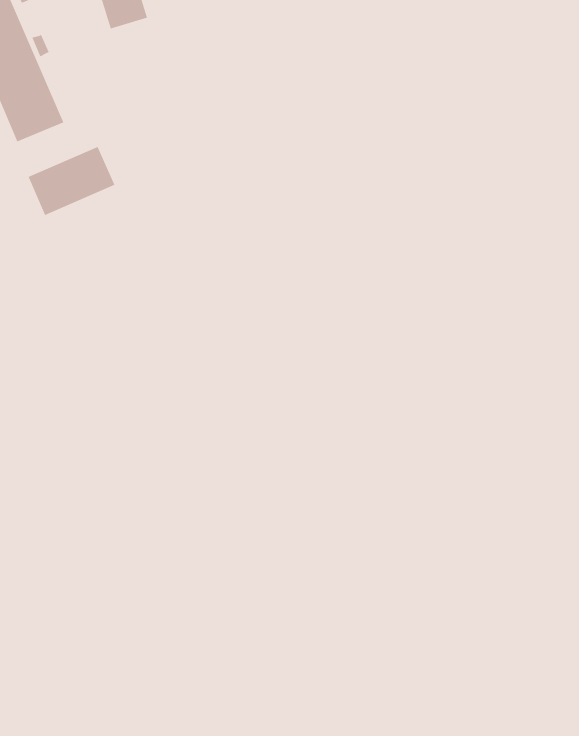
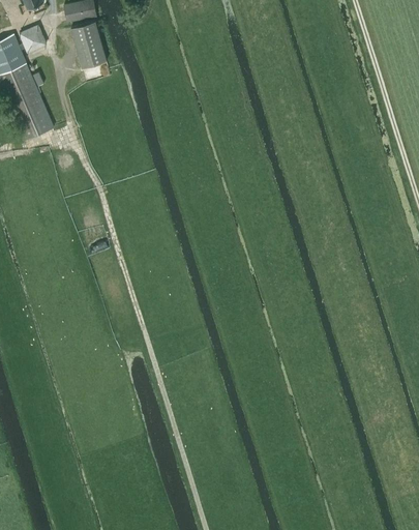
building: [28,146,115,216] -> none

